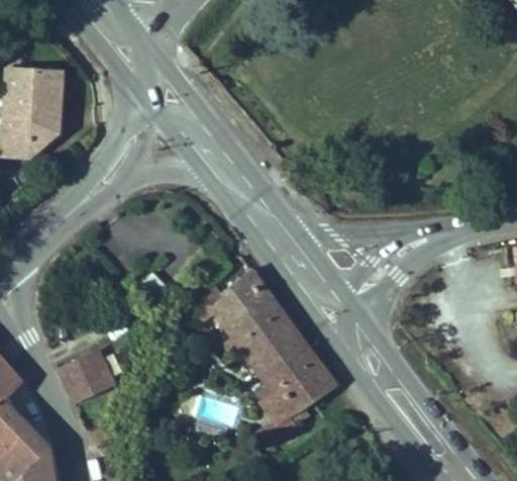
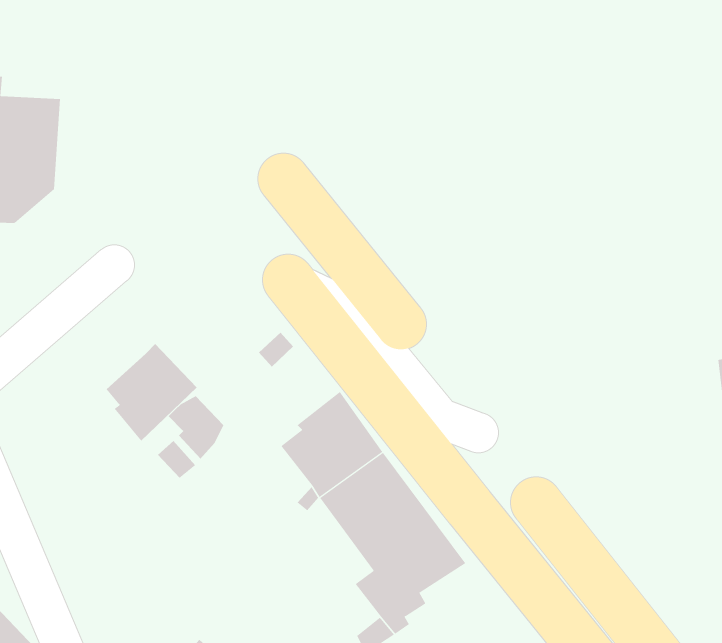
building: none -> [106,343,197,441]
building: [59,351,111,400] -> none

